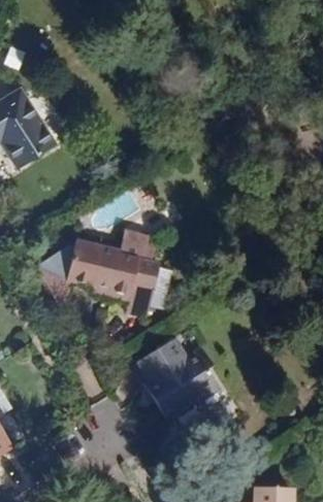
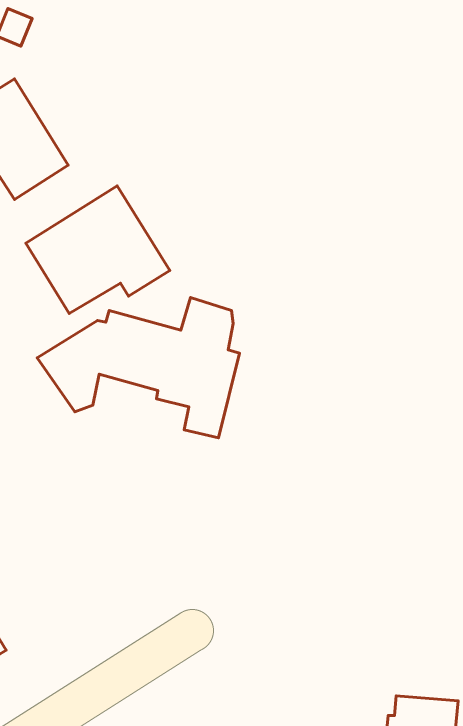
building: none -> [26,186,170,314]
building: [135,338,222,420] -> none

